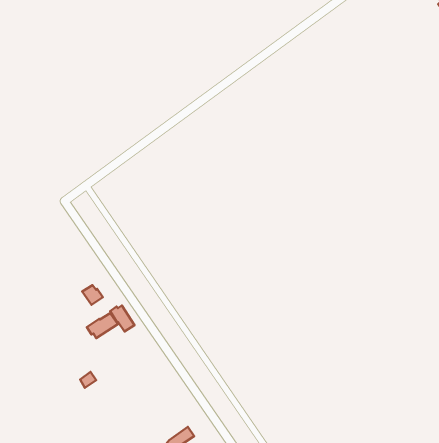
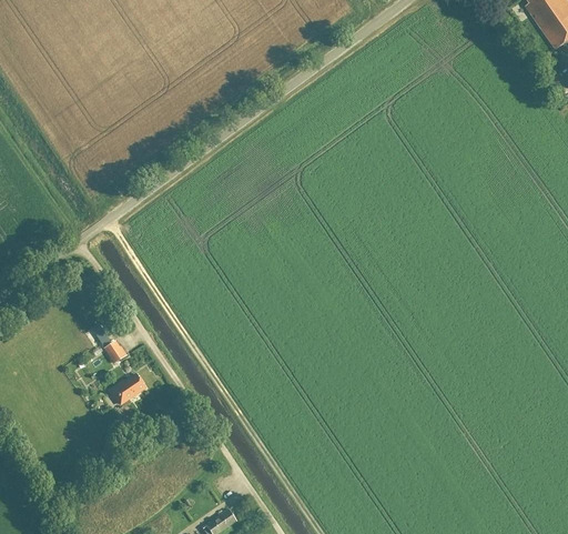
building: [110,305,135,332] -> none

